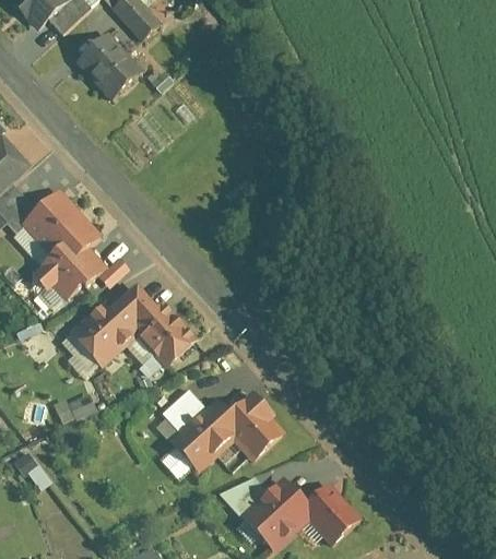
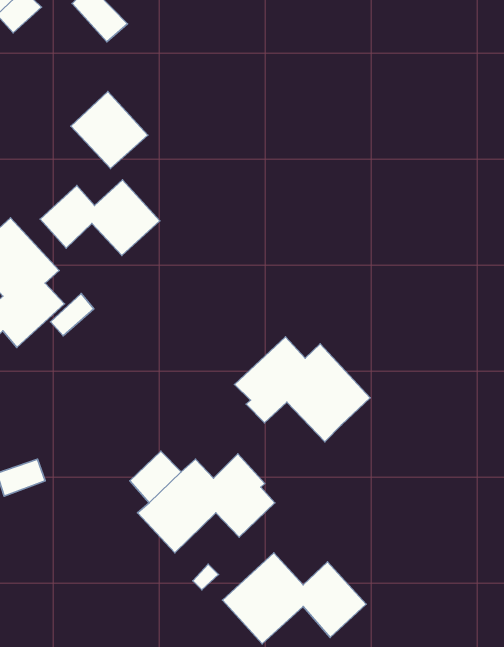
building: [76,33,142,98] -> [71,91,148,168]
building: none -> [40,180,160,256]
building: [69,282,194,368] -> none
building: none -> [235,337,370,442]

